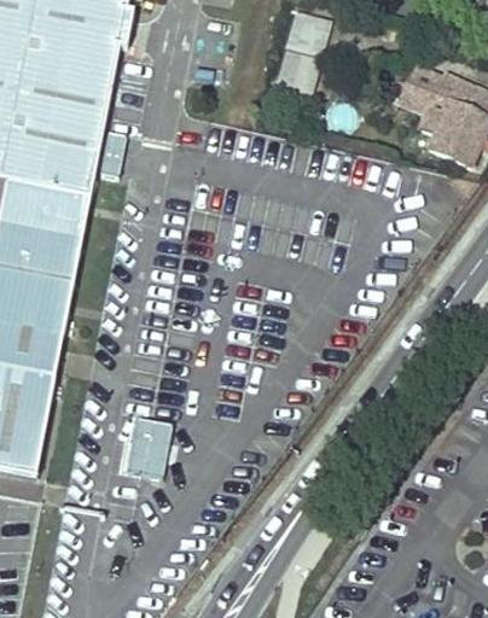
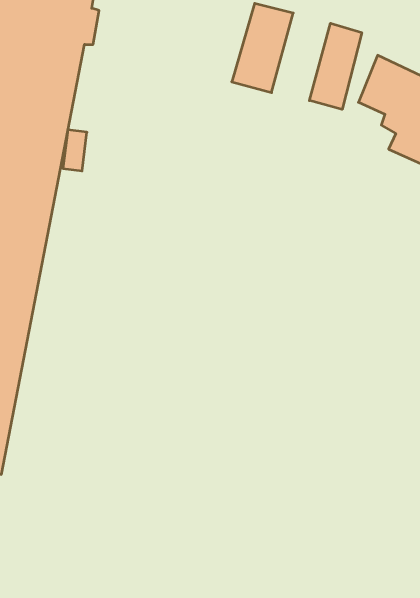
building: none -> [309,23,362,109]
building: [123,415,173,474] -> none

